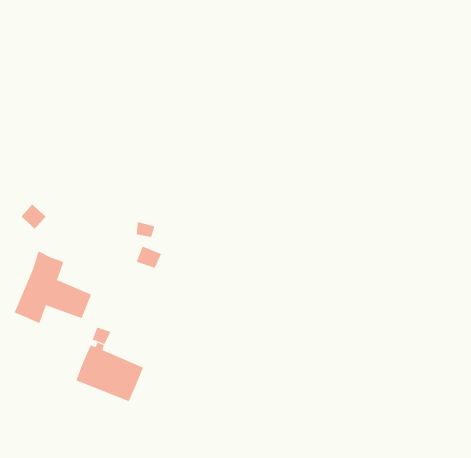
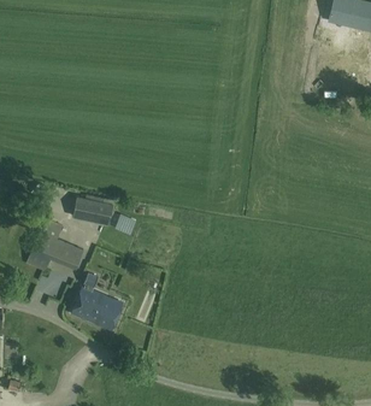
building: none -> [72,196,112,223]

